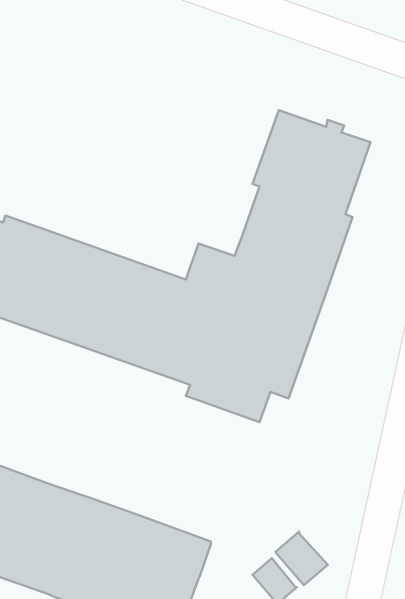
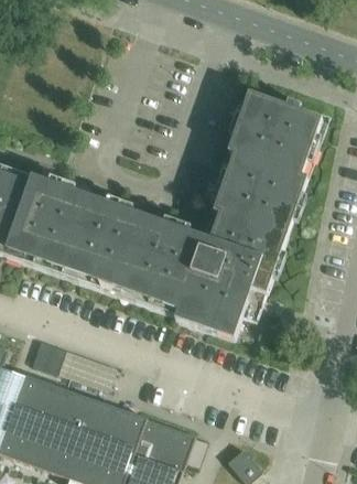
building: [275,532,328,585] -> none

